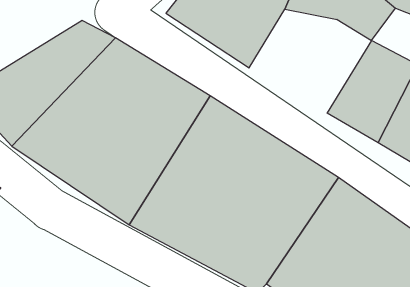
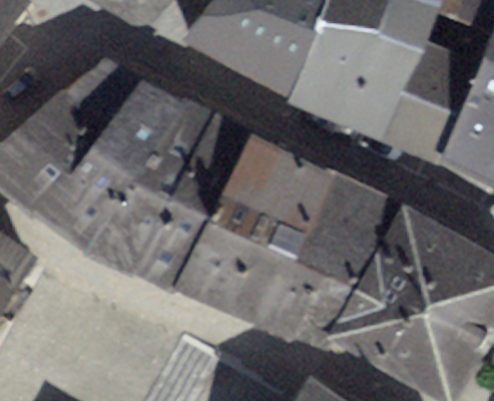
building: none -> [289,26,419,134]

